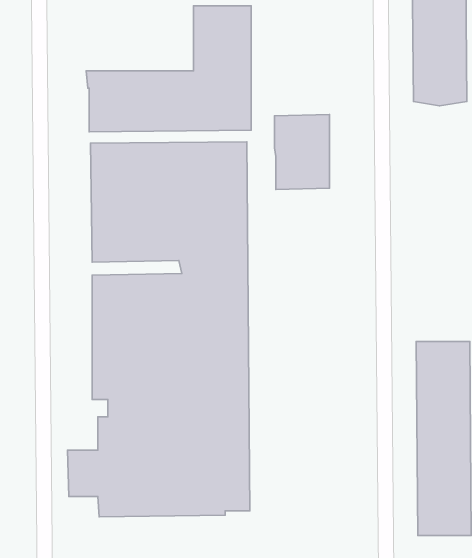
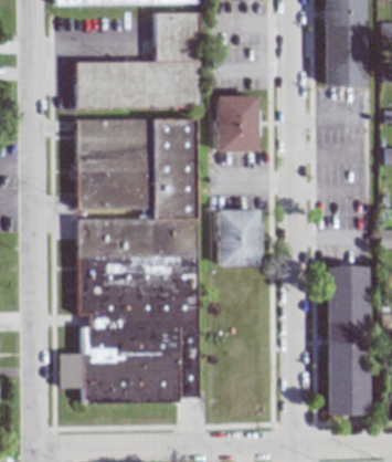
building: none -> [218,211,262,267]

